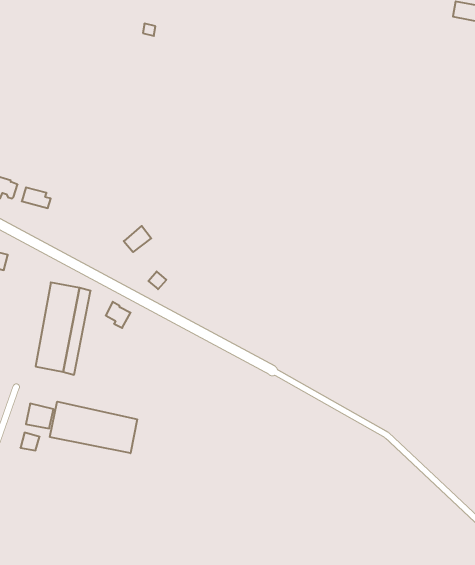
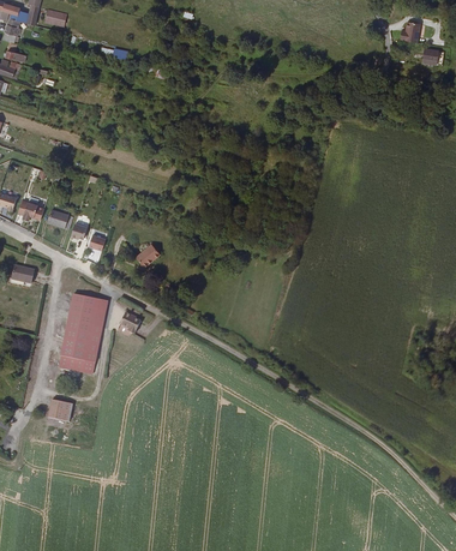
building: [50,402,137,453] -> none

